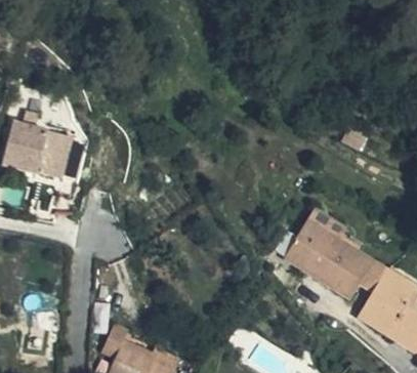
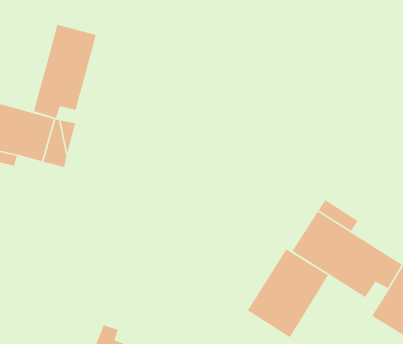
building: none -> [33,24,97,119]
building: none -> [247,248,329,338]

